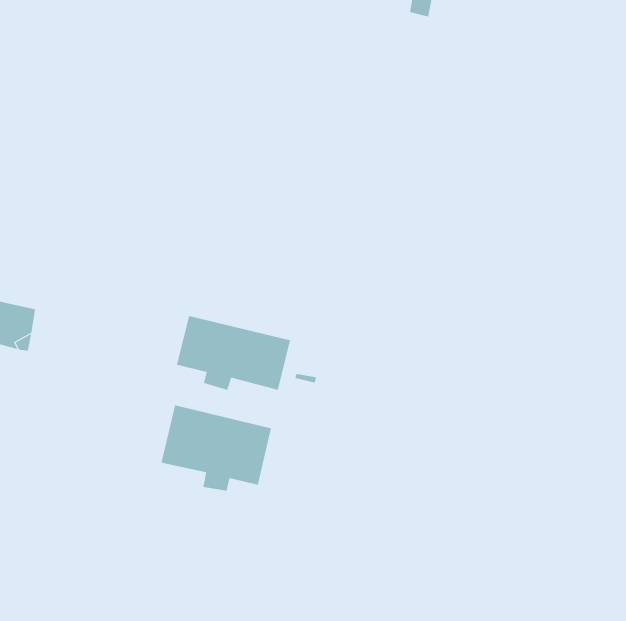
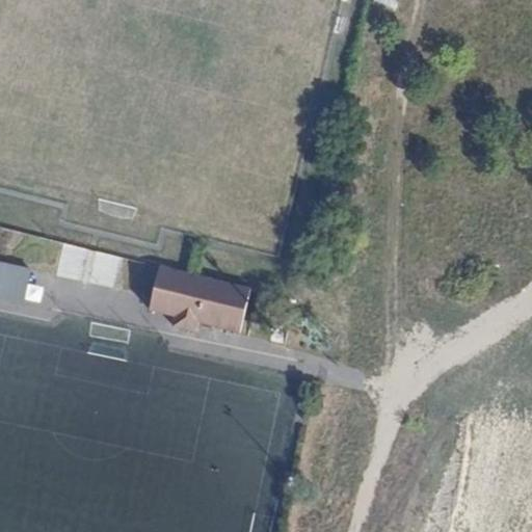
building: [161,405,272,492] -> none

